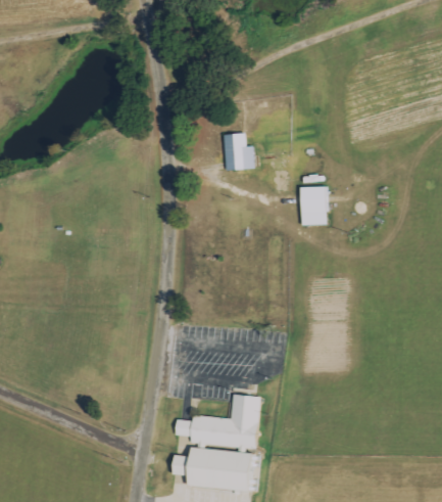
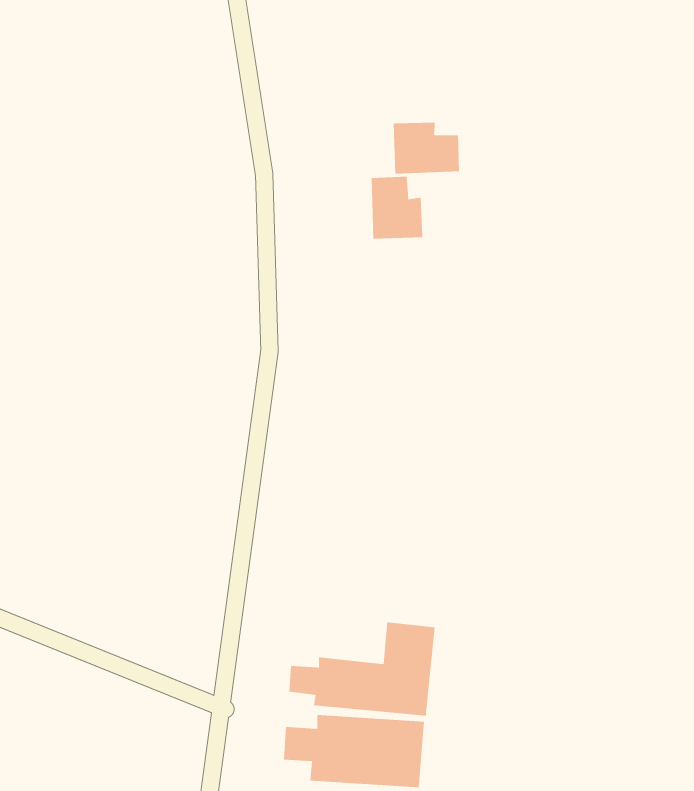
building: none -> [393,122,459,174]
building: [301,186,328,225] -> none

